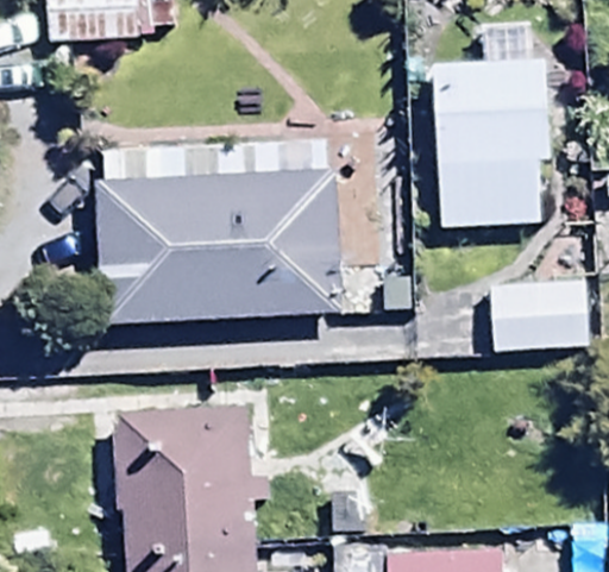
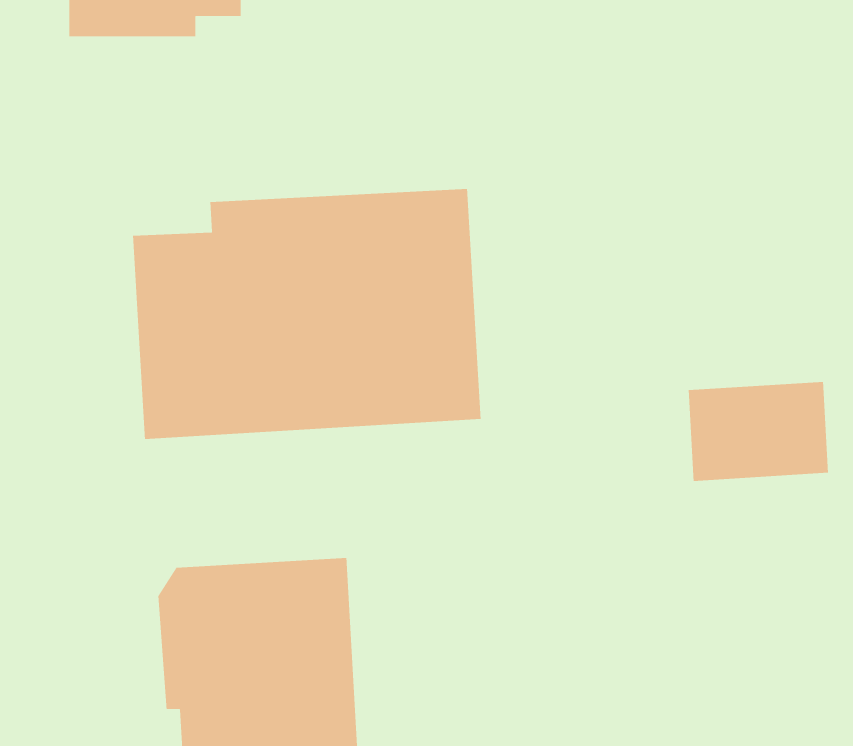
building: [433,58,554,227] -> none

